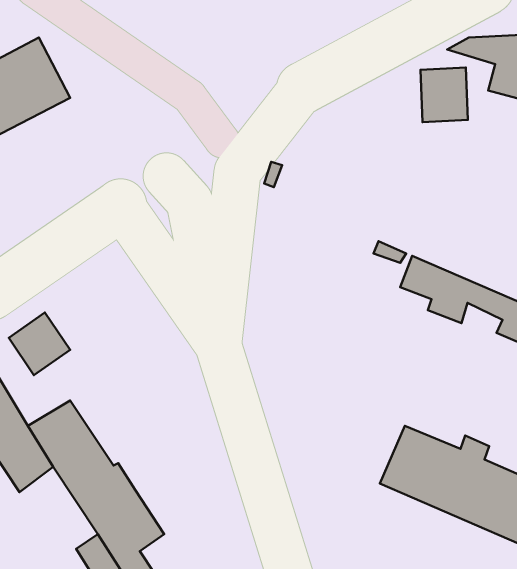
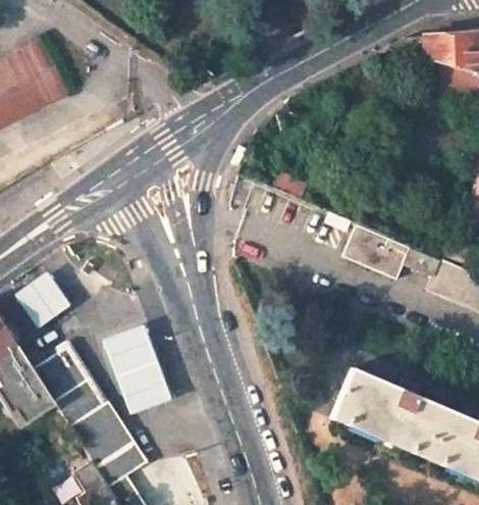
building: [420,67,468,122] -> none
building: none -> [102,323,169,412]

